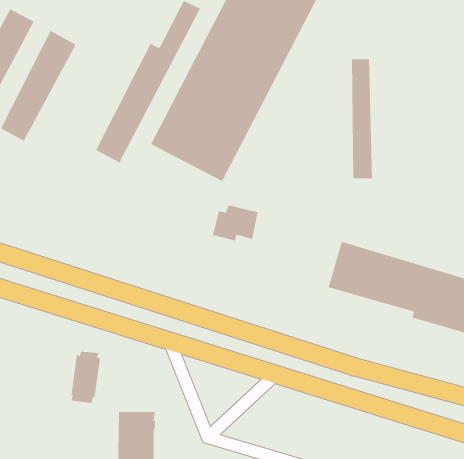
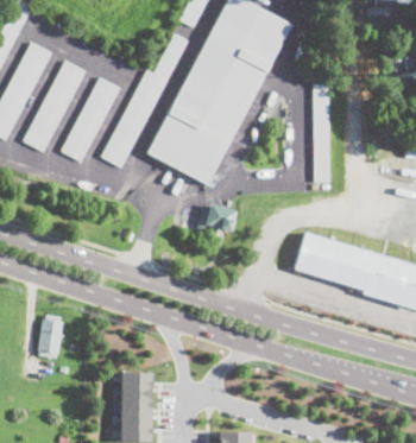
building: none -> [61,77,120,162]
building: [71,351,101,403] -> [38,317,63,360]

